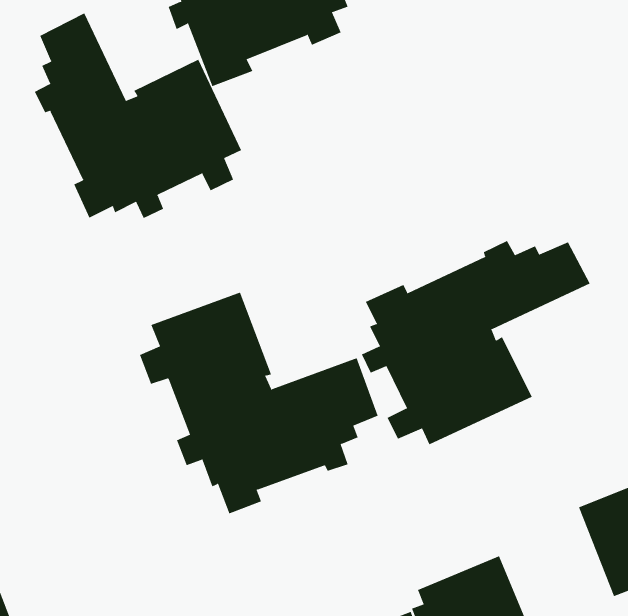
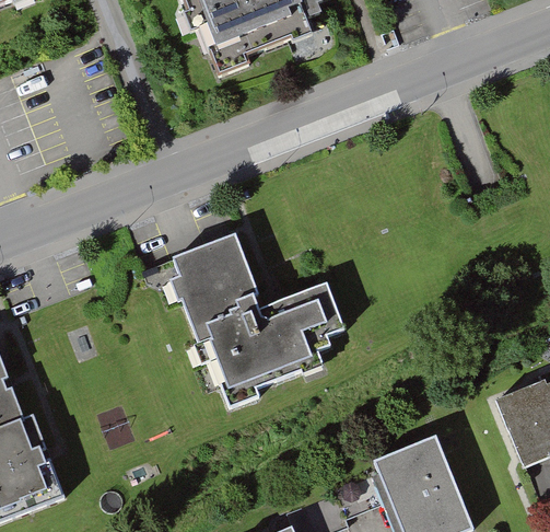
building: [34,13,242,219] -> none
building: [361,240,590,445] -> none

